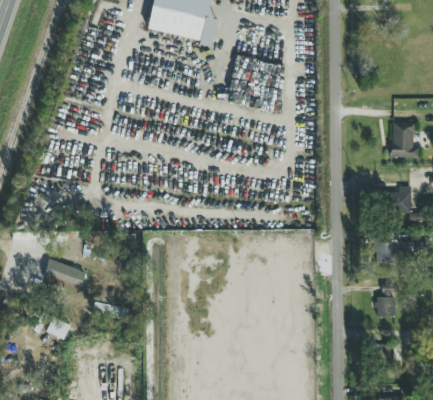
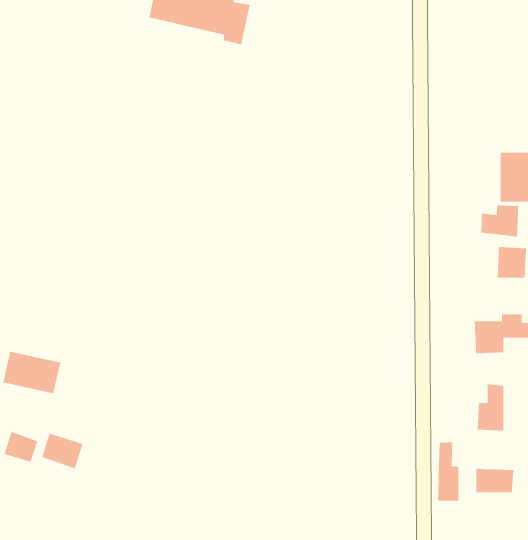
building: none -> [481,204,519,238]
building: none -> [42,433,83,469]
building: none -> [437,442,459,501]

